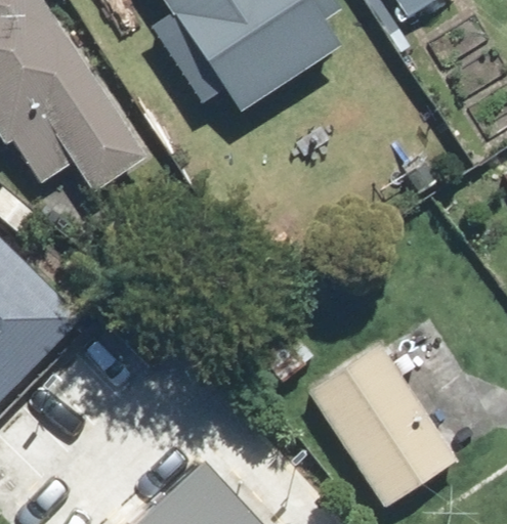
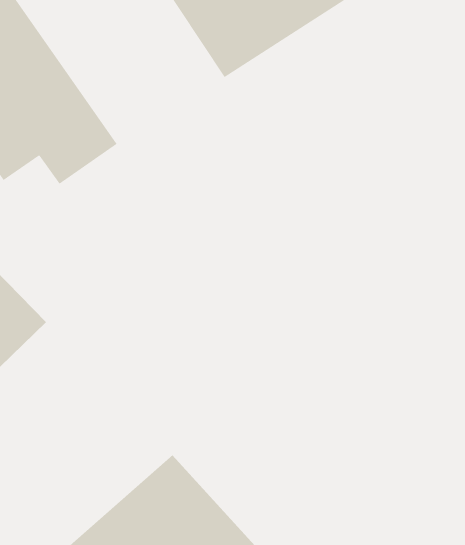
building: [303,345,453,511] -> none

